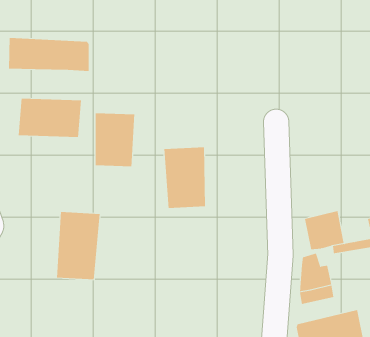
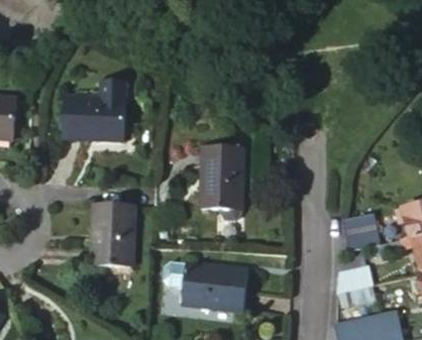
building: [9,37,89,72] -> none
building: [95,112,135,167] -> none
building: none -> [181,259,246,305]

